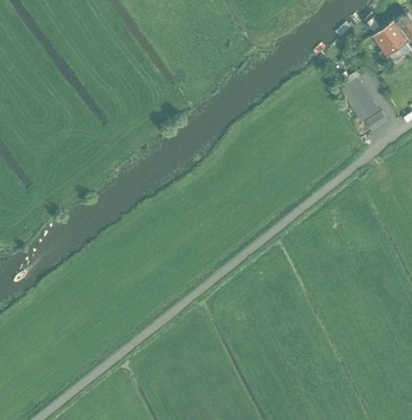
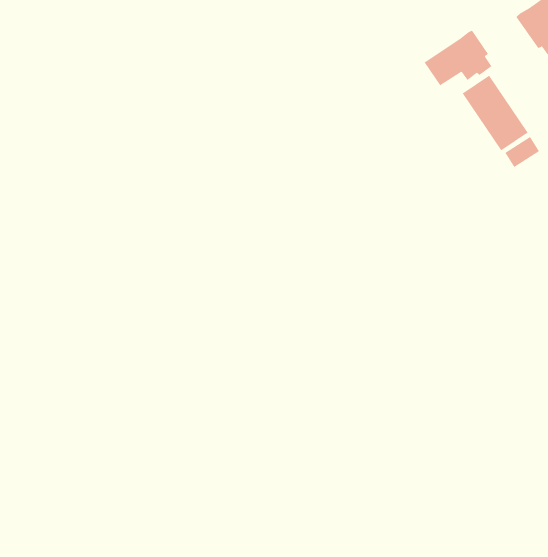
building: none -> [424,30,492,86]

